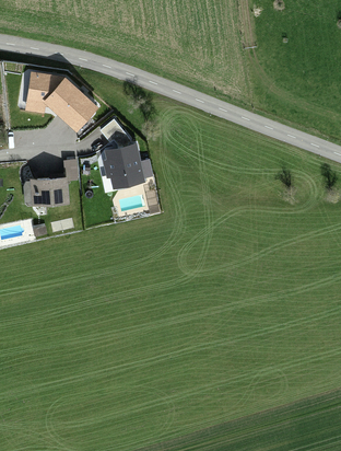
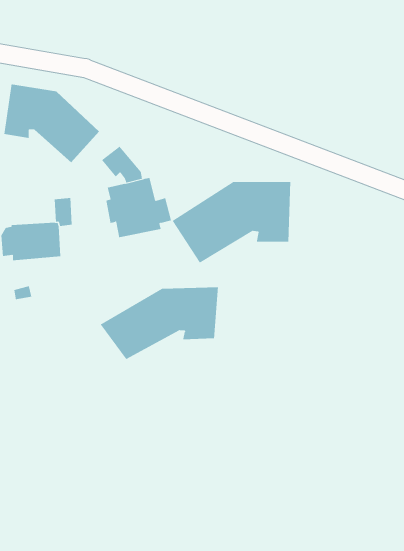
building: none -> [172,181,291,264]
building: none -> [100,286,219,360]

